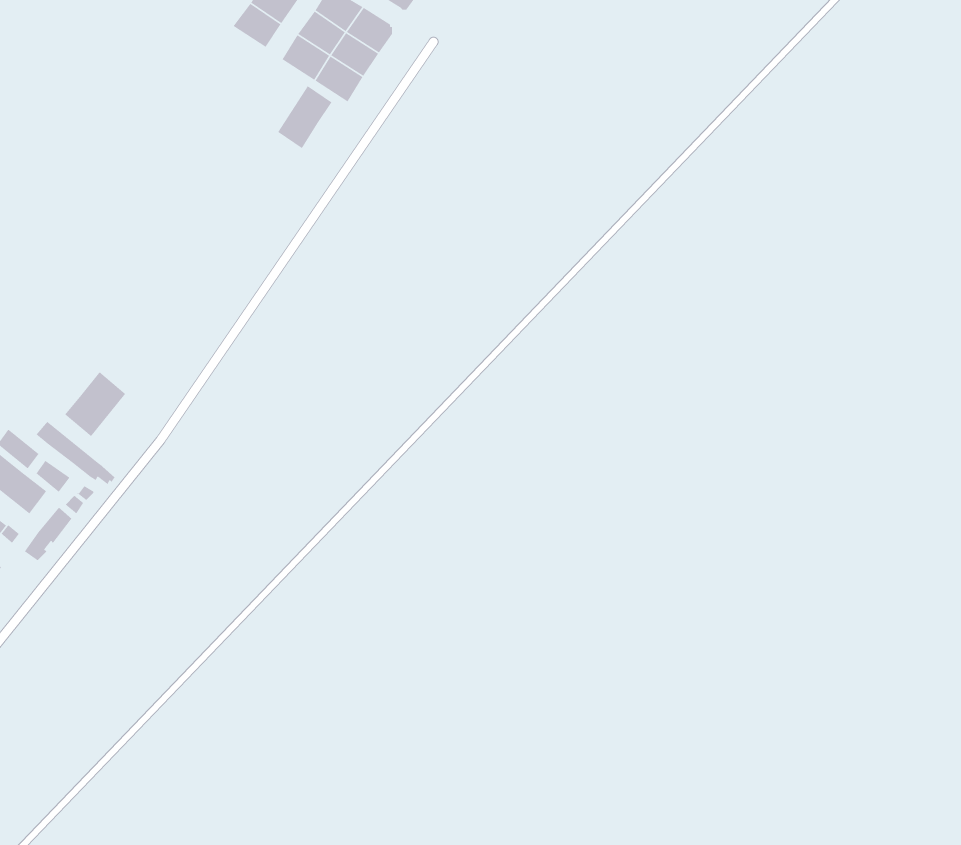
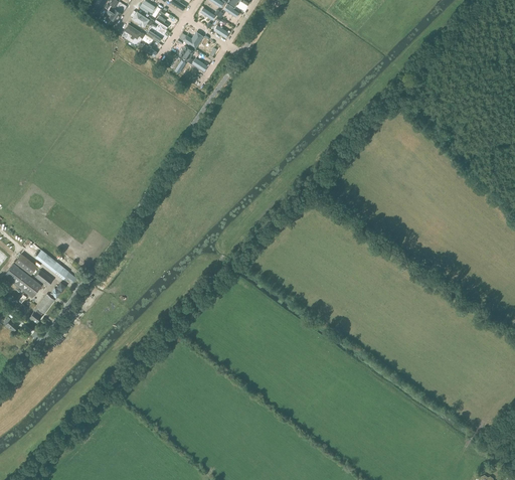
building: [277,85,333,149] -> none
building: [64,371,126,437] -> none

